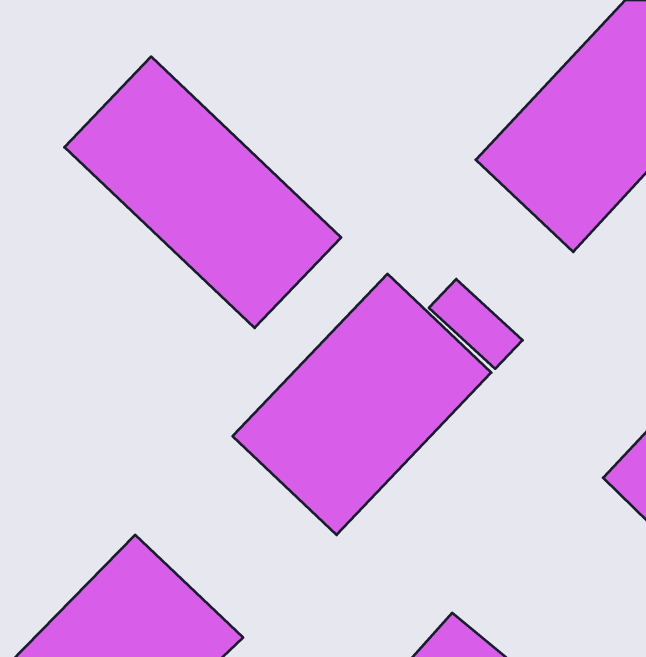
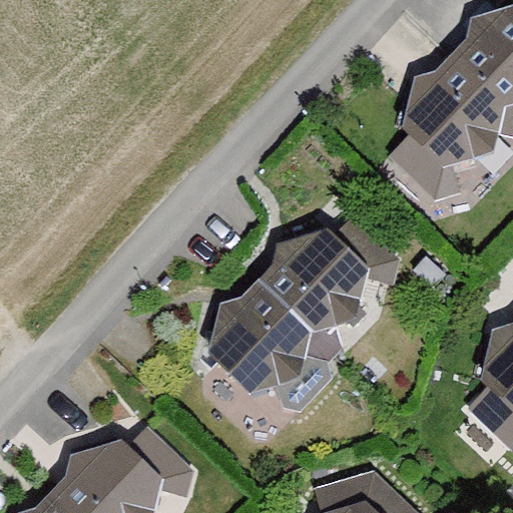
building: [64,57,341,328] -> none

